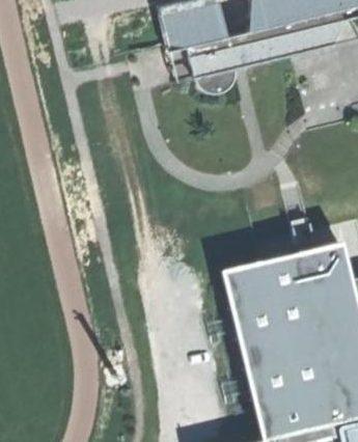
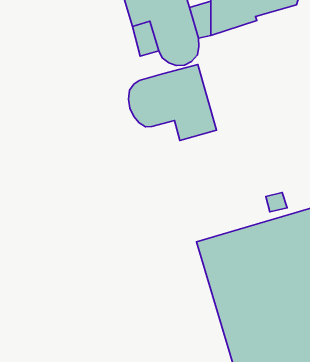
building: none -> [129,64,217,140]

